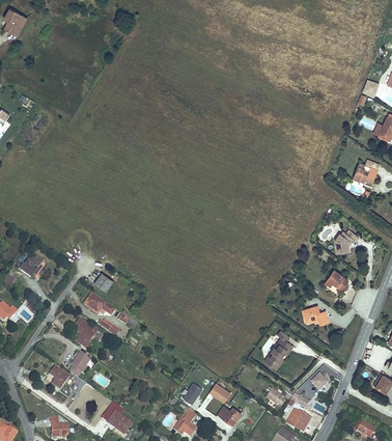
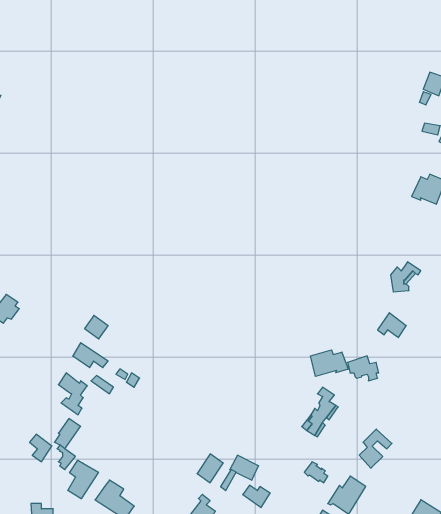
building: none -> [311,350,348,376]
building: none -> [68,460,98,499]

